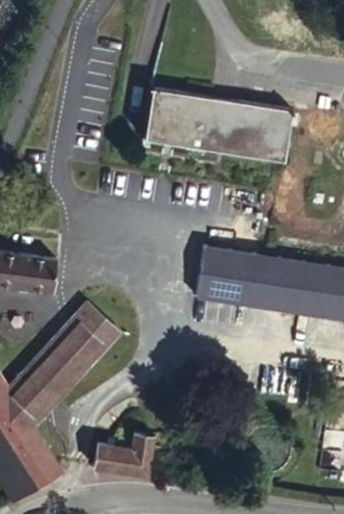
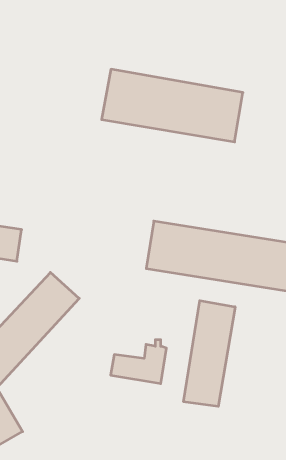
building: none -> [184,301,235,406]
building: [92,431,152,478] -> [111,340,166,384]

